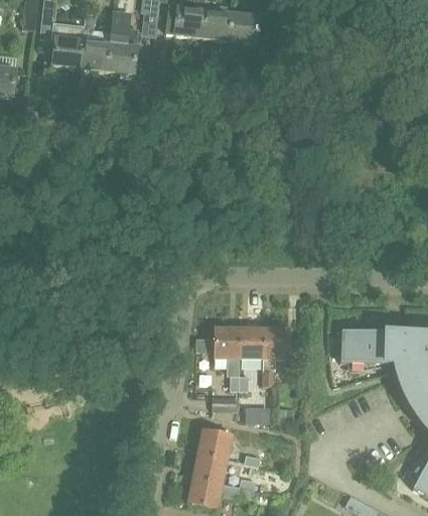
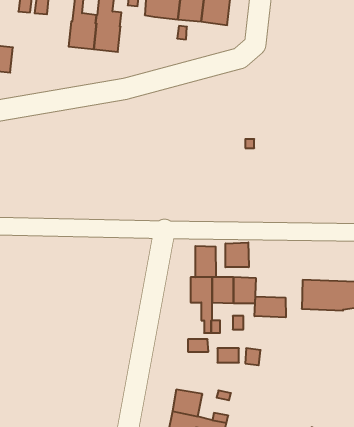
building: [50,36,81,68] -> none
building: none -> [225,242,249,267]
building: none -> [195,246,216,277]
building: none -> [255,297,286,317]
building: [198,427,233,458] -> none

